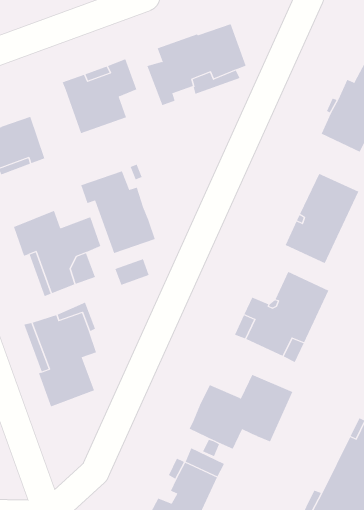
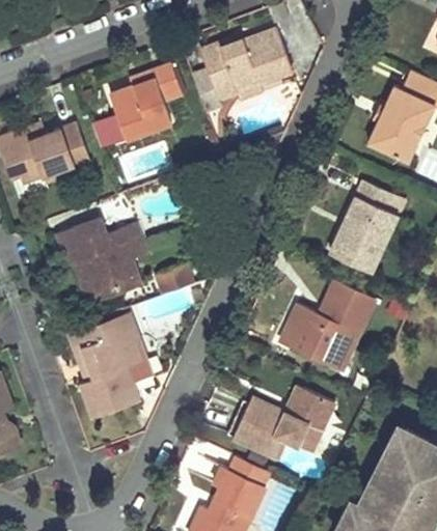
building: [81,170,155,254] -> none

